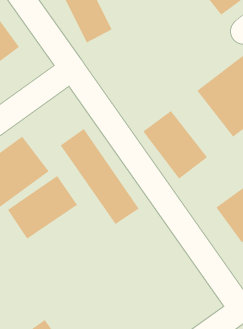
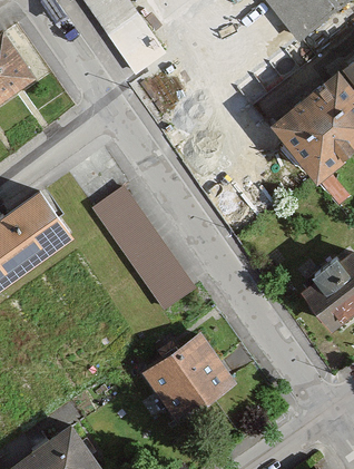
building: [143,110,208,179] -> none
building: [7,175,78,240] -> none
building: none -> [141,333,235,424]

